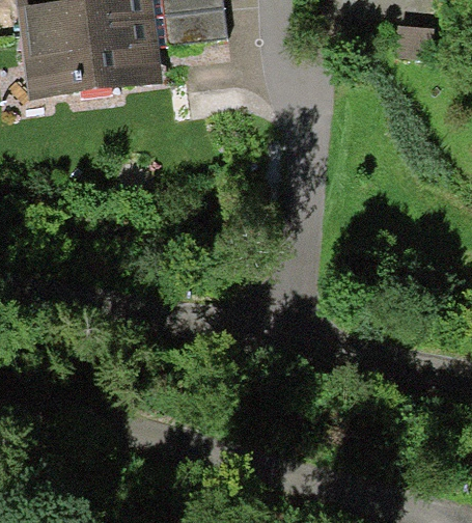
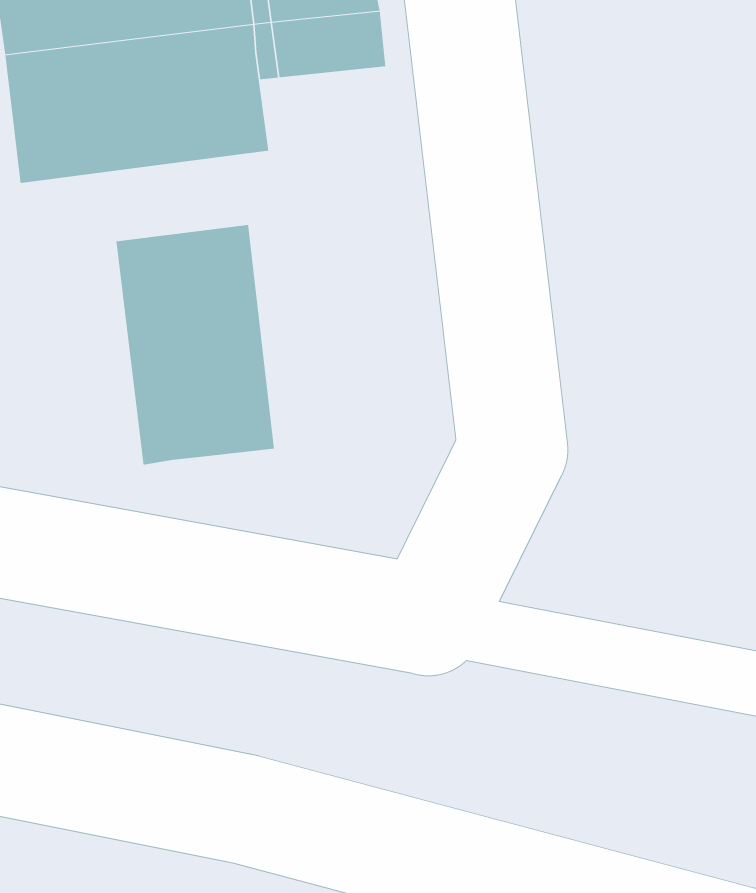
building: none -> [116,224,274,466]

